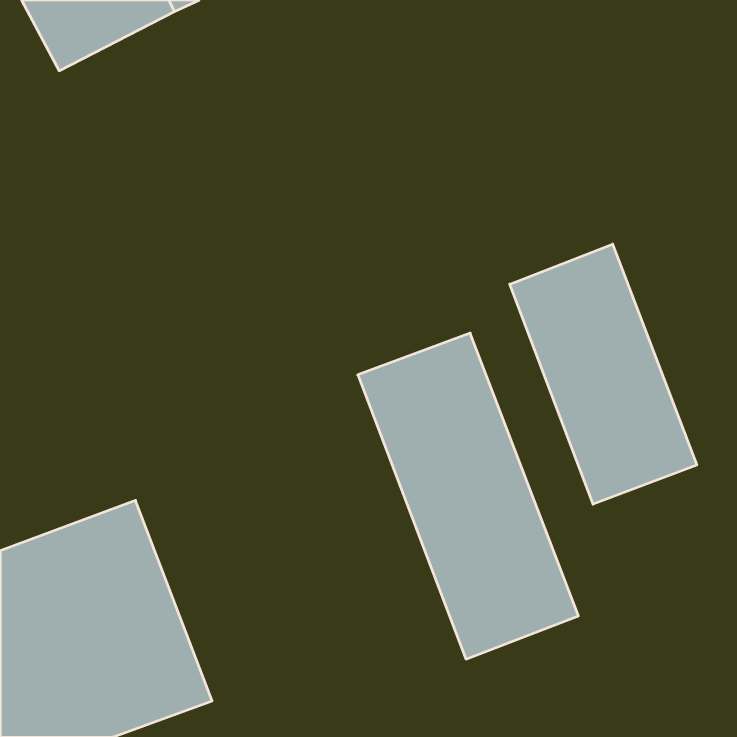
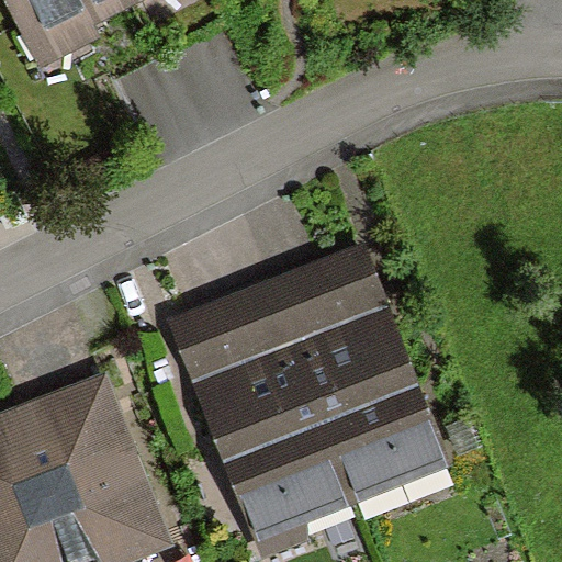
building: [510,244,697,504] -> none
building: none -> [180,285,355,536]

